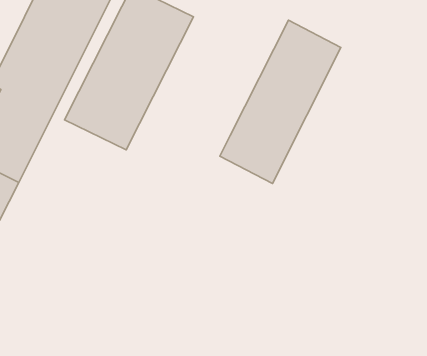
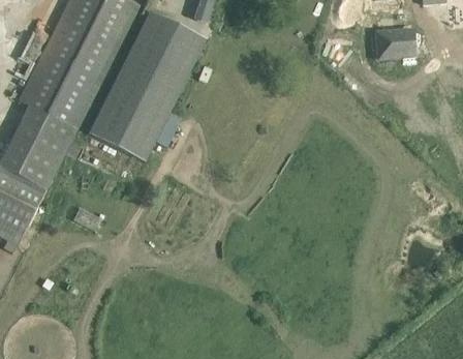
building: none -> [375,29,415,59]
building: [220,20,341,183] -> none

